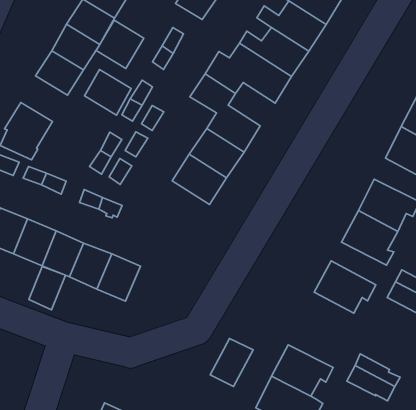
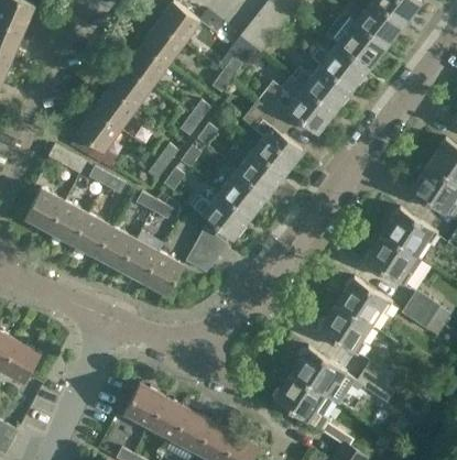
building: [96,20,144,69] -> none
building: [85,69,131,115] -> [93,88,134,130]
building: none -> [189,193,250,240]
building: none -> [185,228,227,273]
building: [29,267,65,310] -> none
building: none -> [317,304,368,355]
building: [210,338,253,386] -> none

